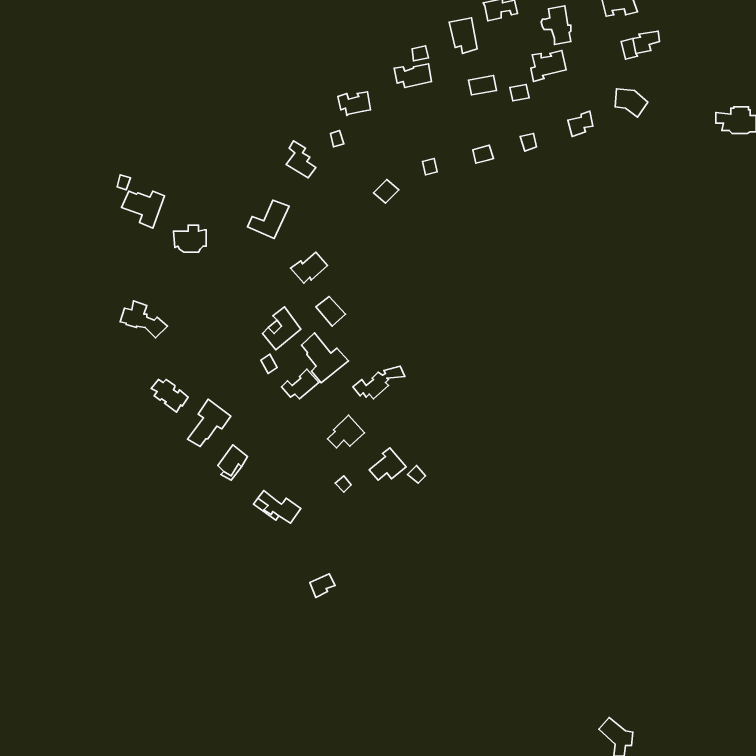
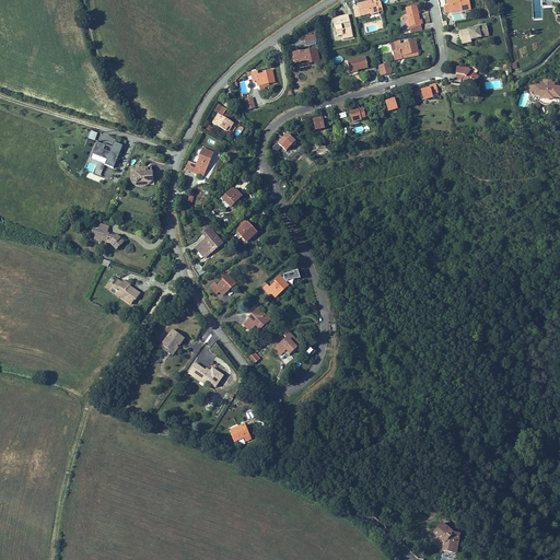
building: [301,333,348,383] -> none
building: [188,399,231,447] -> none

